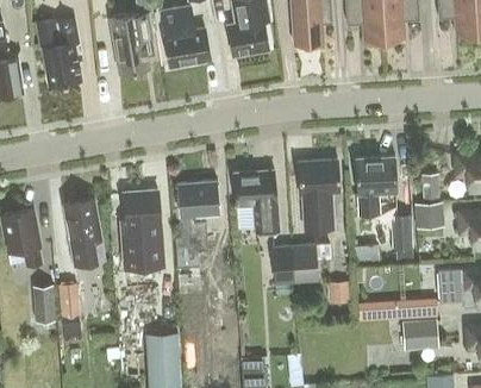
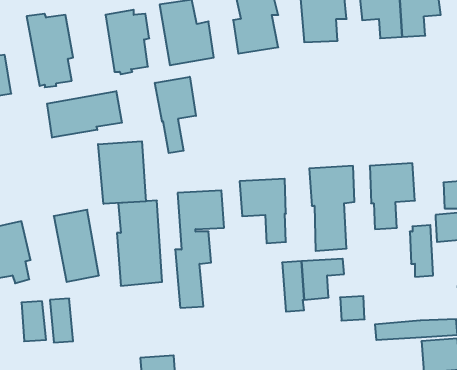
building: none -> [155,77,196,153]
building: none -> [47,91,122,138]
building: none -> [98,141,146,204]

